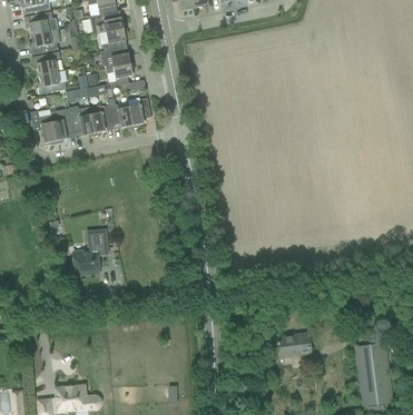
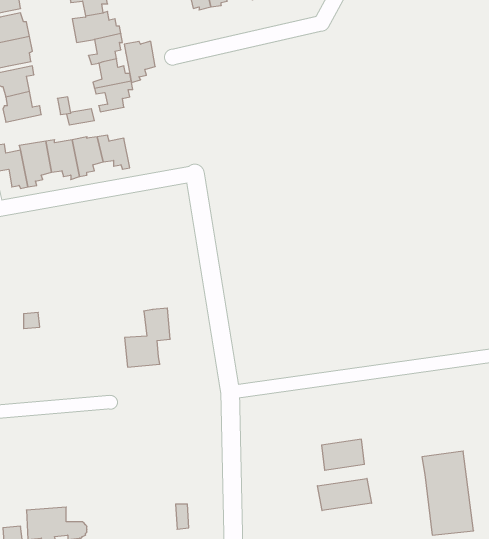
building: [127,97,150,128] -> [124,41,155,83]
building: [72,229,107,274] -> [125,308,170,367]
building: none -> [317,478,372,511]

